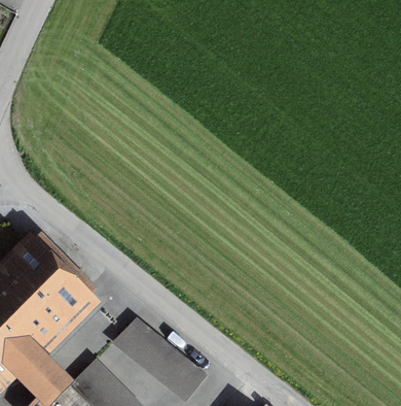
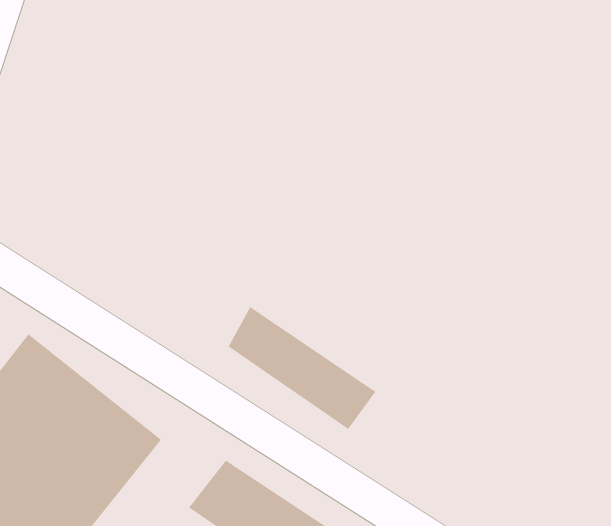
building: none -> [228,306,376,430]

